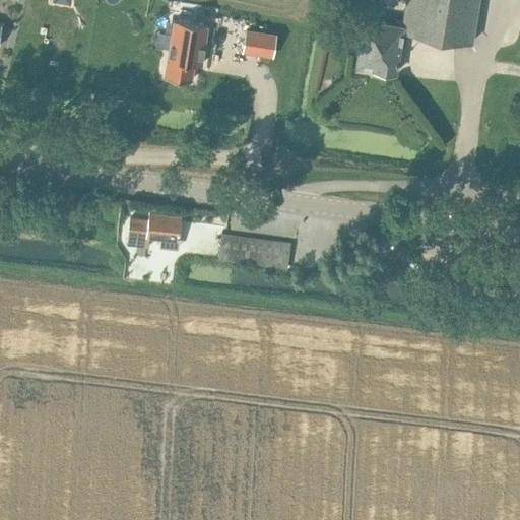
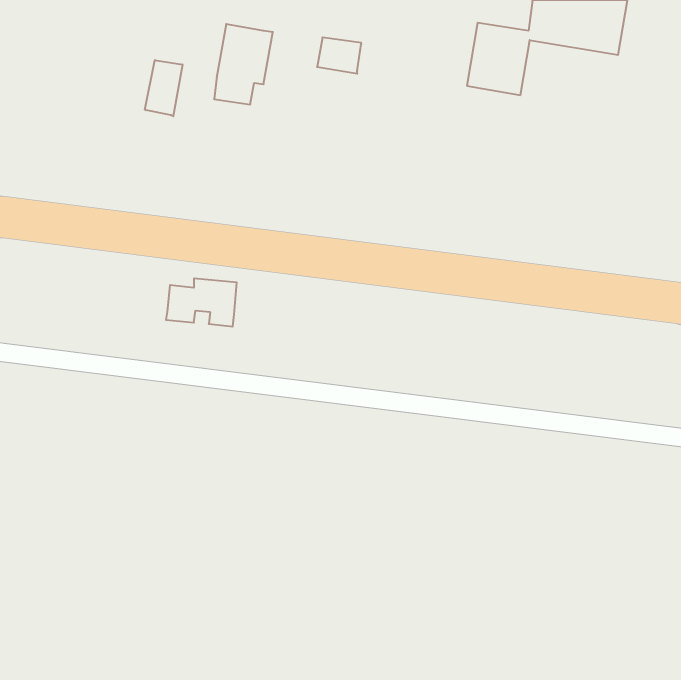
building: none -> [145,60,182,116]
building: [219,234,291,269] -> none

